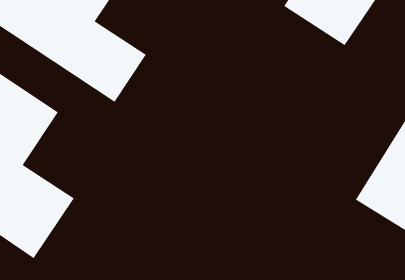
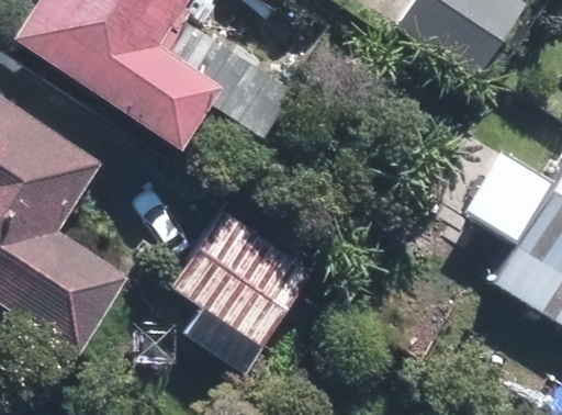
building: none -> [173,209,315,347]

